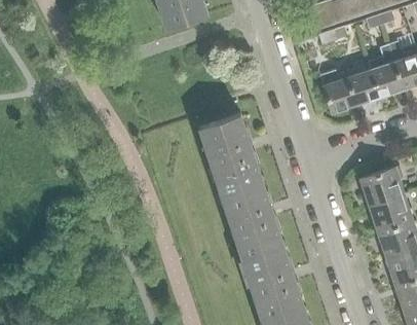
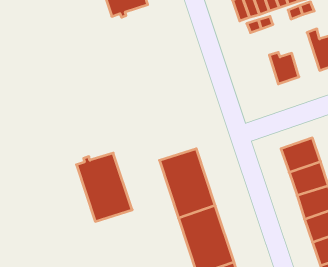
building: [367,45,402,96] -> none
building: [321,71,354,112] -> none
building: [197,113,261,191] -> [76,153,132,221]

